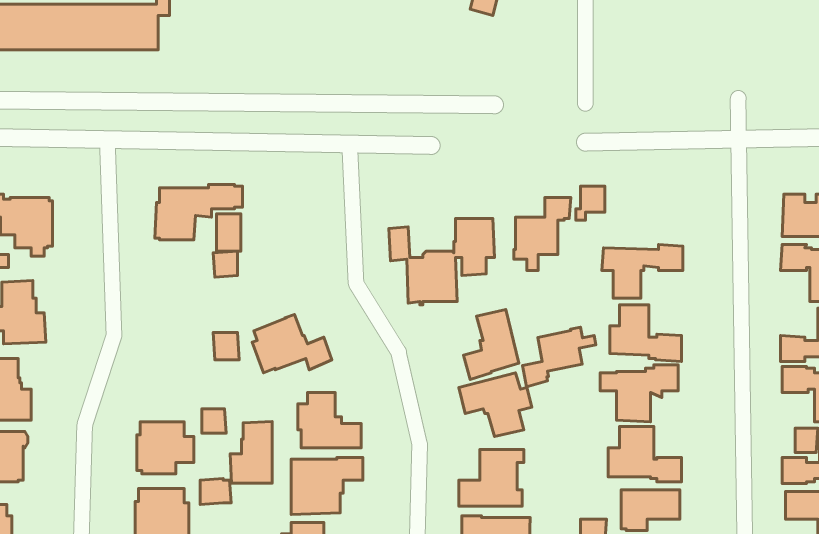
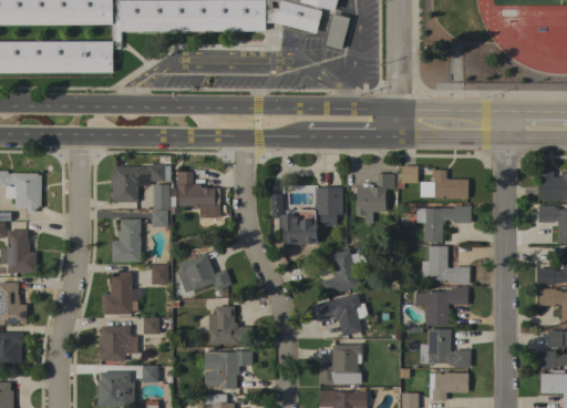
building: none -> [420,170,468,198]
building: none -> [176,171,220,212]
building: none -> [112,218,141,262]
building: [522,327,596,387] -> none
building: [230,421,272,483] -> [103,272,132,314]

